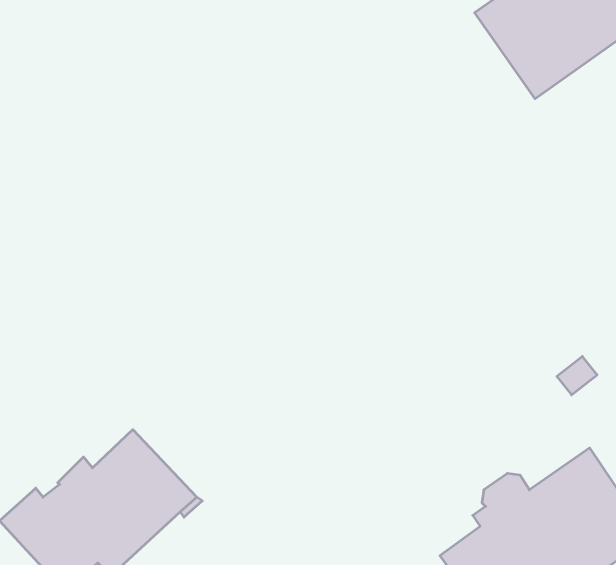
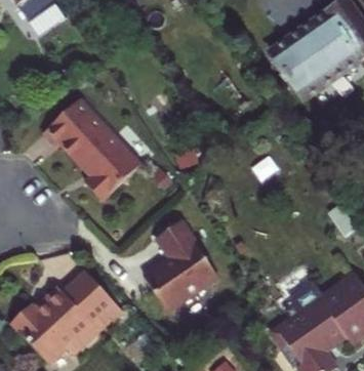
building: none -> [46,98,143,200]
building: none -> [144,221,218,311]

